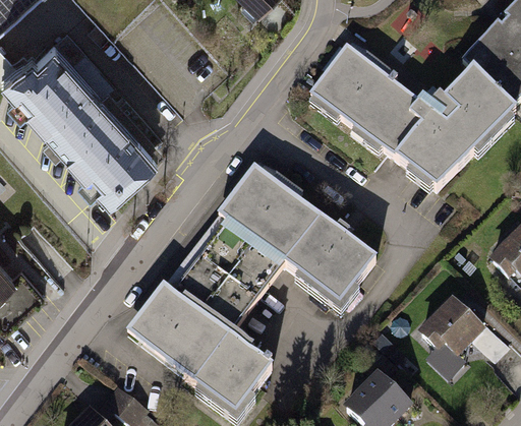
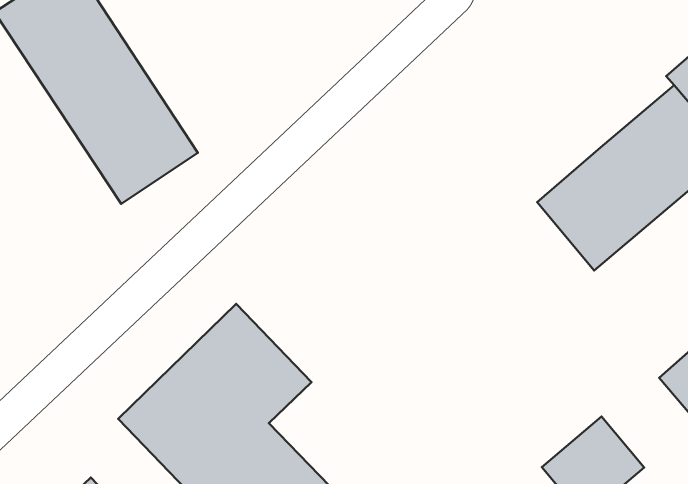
building: [312,45,426,155] -> none
building: [199,175,377,310] -> none

